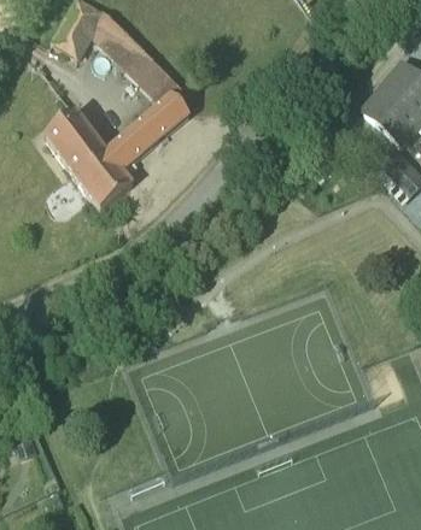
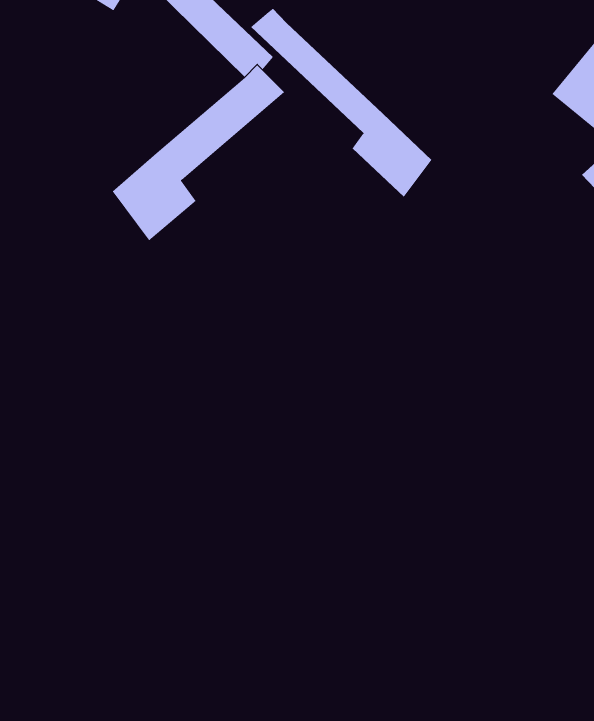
building: none -> [250,8,432,197]
building: [45,110,104,175] -> none

